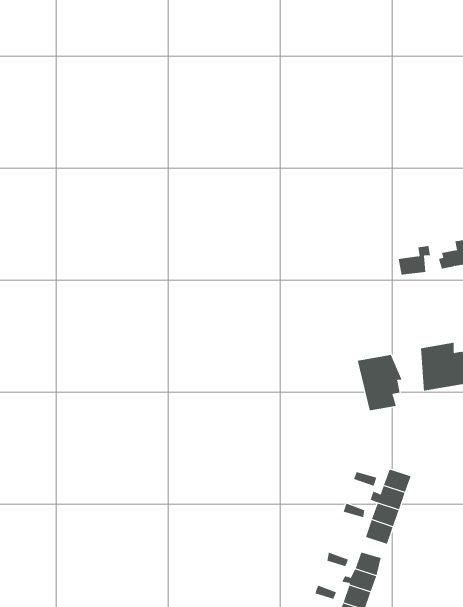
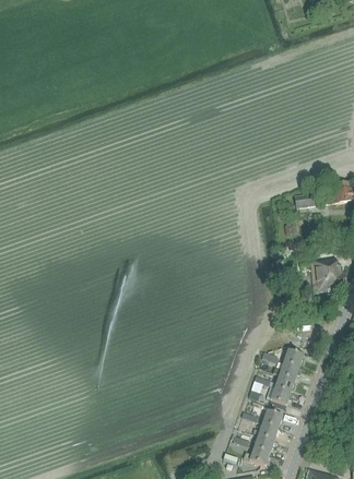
building: [357,354,403,411] -> none

